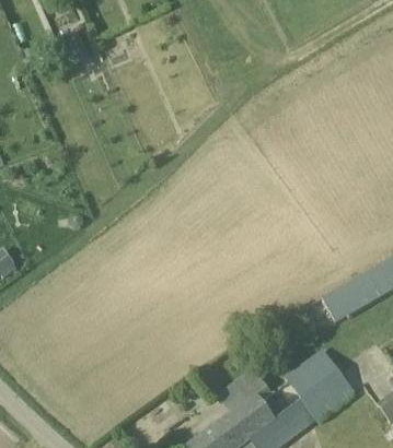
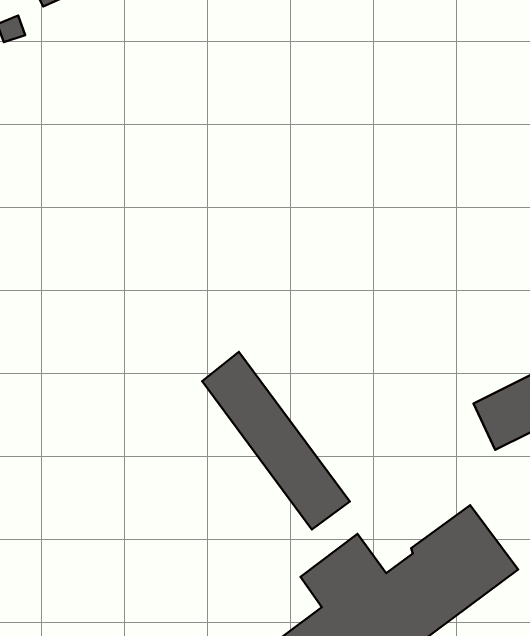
building: none -> [202,352,350,530]

